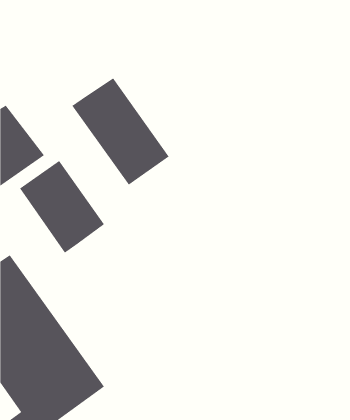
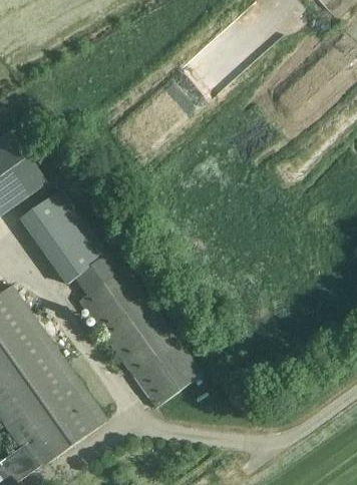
building: [71,77,169,186] -> none
building: none -> [79,251,203,407]

